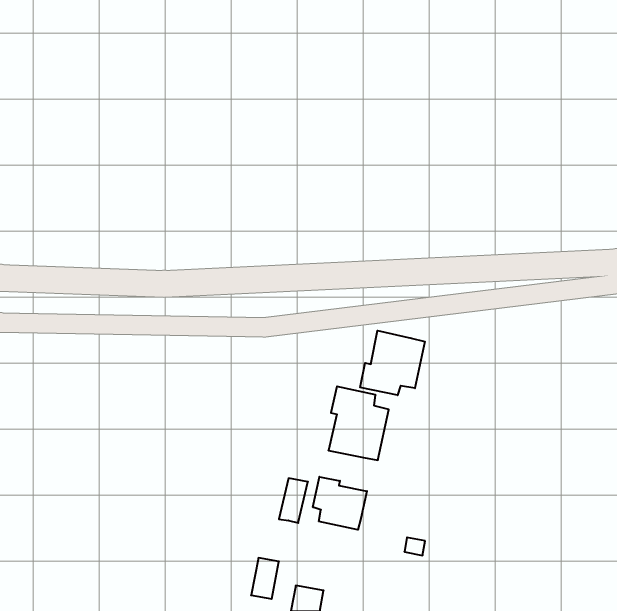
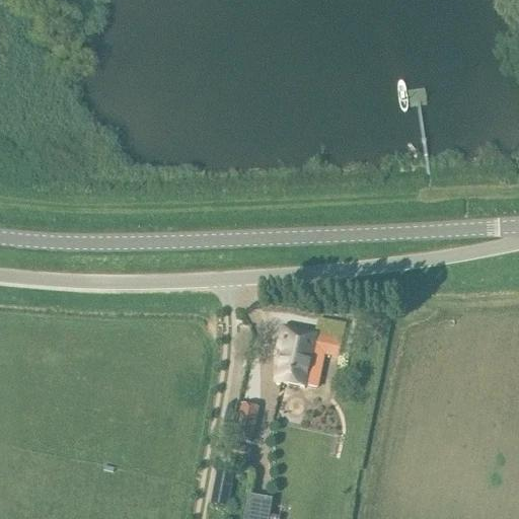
building: [360,331,425,395] -> none
building: [313,477,367,530] -> none

